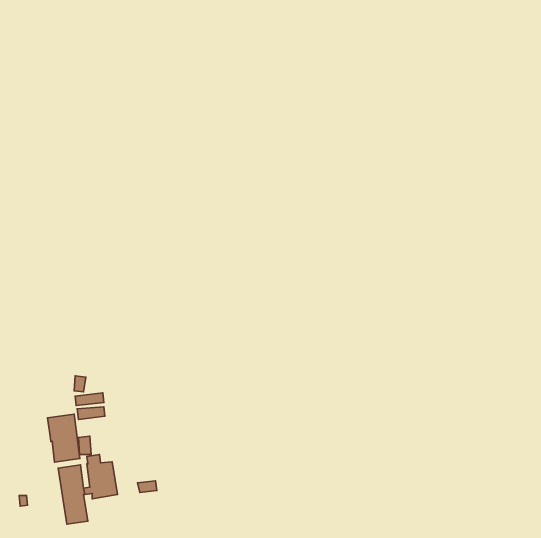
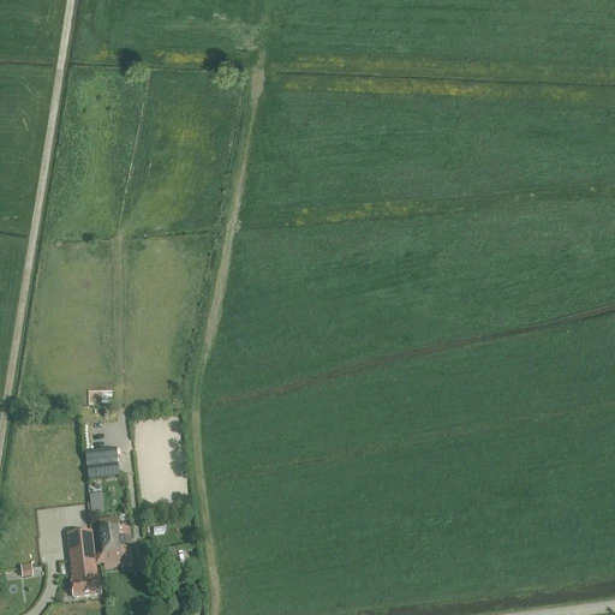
building: [47,414,80,462] -> none

